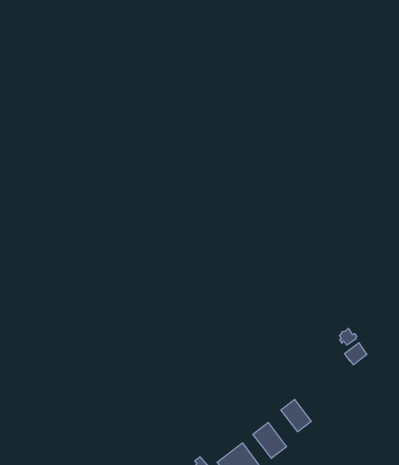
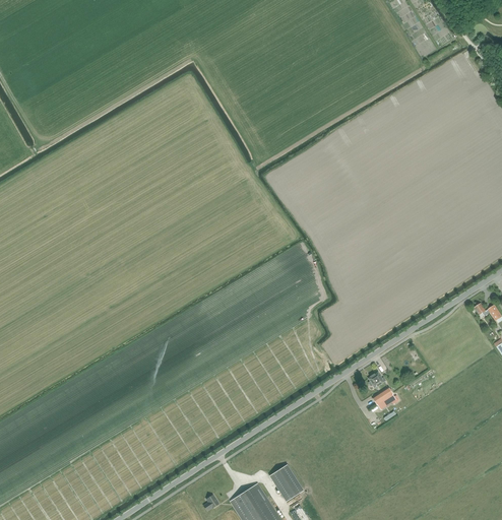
building: [281,399,311,432] -> none

